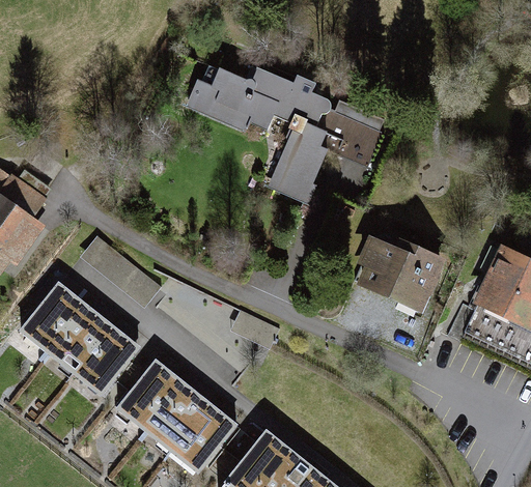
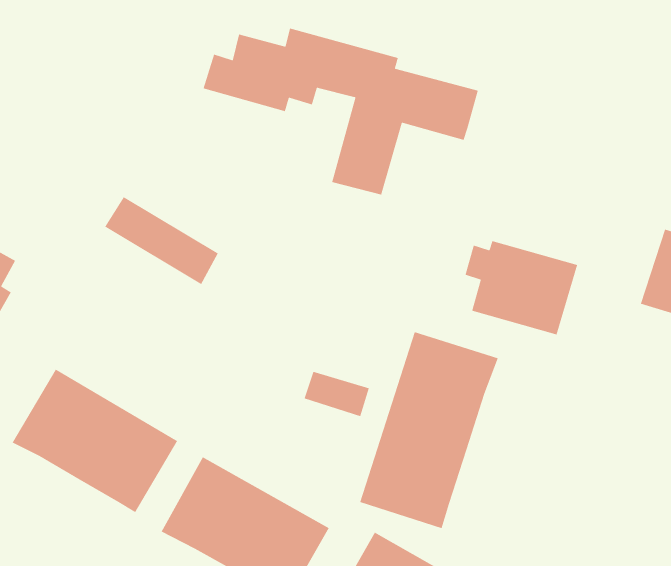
building: [83,235,161,306] -> [104,196,219,285]
building: none -> [359,331,499,529]

